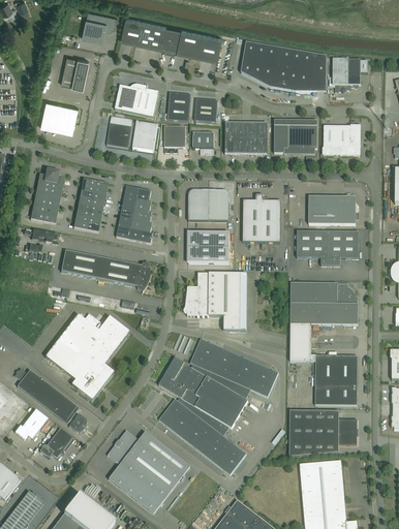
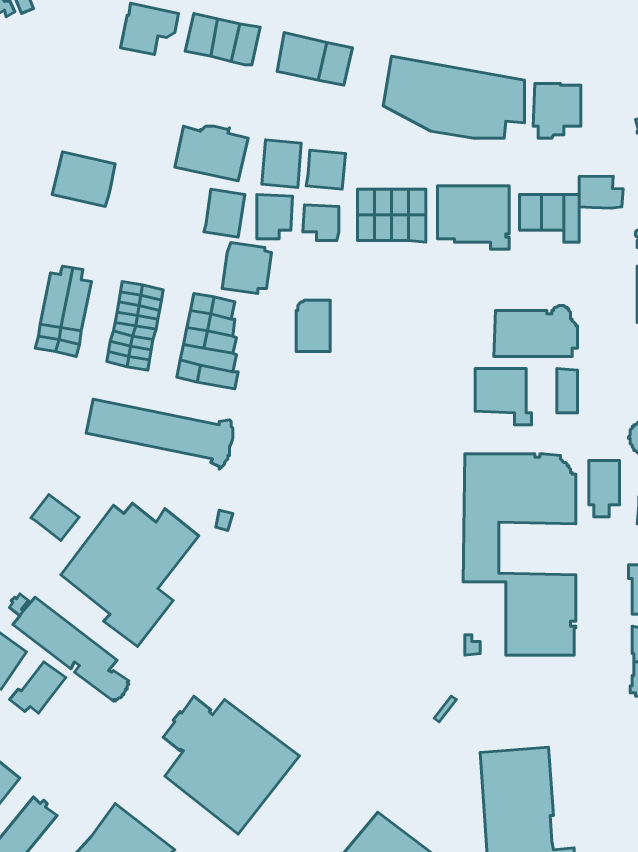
building: [158,24,182,54] -> none
building: [61,54,89,87] -> none
building: none -> [579,176,623,208]
building: [106,116,136,147] -> [222,242,272,294]
building: [209,189,229,220] -> none
building: [243,194,281,242] -> none
building: [328,230,346,264] -> [589,460,619,517]
building: [188,231,229,262] -> none
building: [185,273,241,331] -> none
building: none -> [31,494,79,541]
building: [158,338,278,473] -> none
building: [289,409,358,456] -> none
building: [39,427,72,458] -> none

